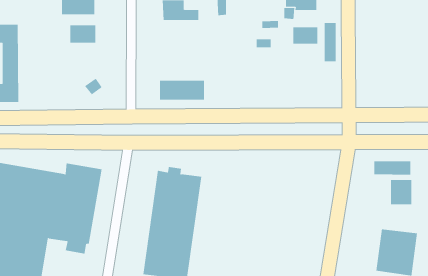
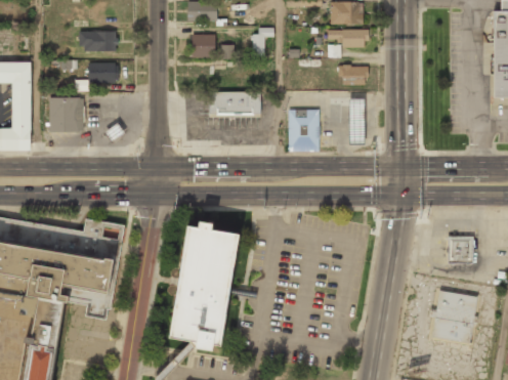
building: [324,22,337,62] -> [348,98,363,142]
building: none -> [48,96,80,131]
building: none -> [287,110,318,151]
building: [159,80,205,100] -> [209,92,260,115]
building: [374,161,411,176] -> none

